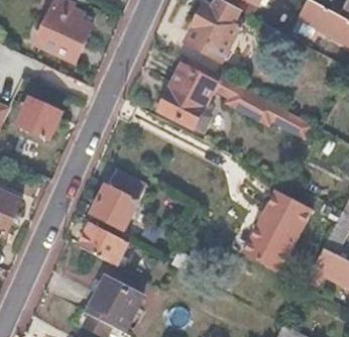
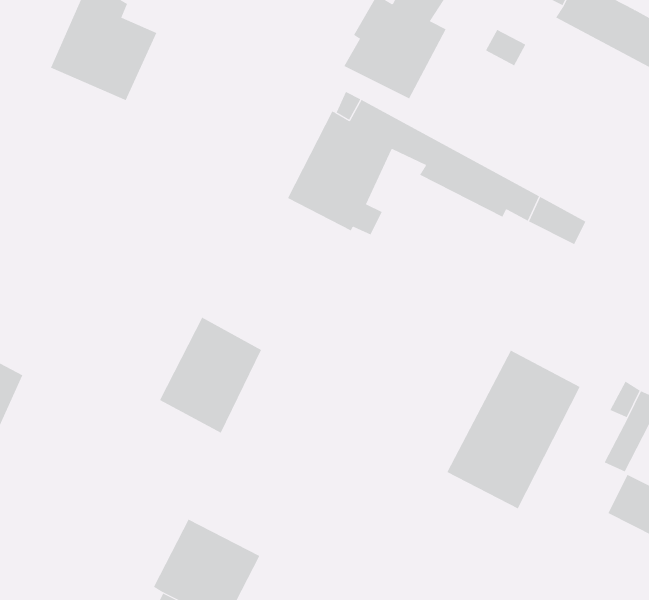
building: [17,99,59,138] -> none
building: [79,225,128,268] -> none

